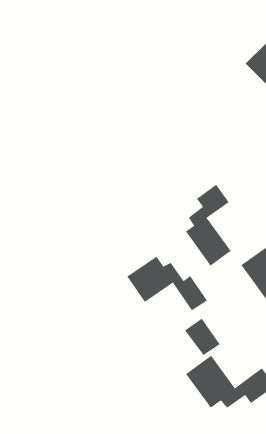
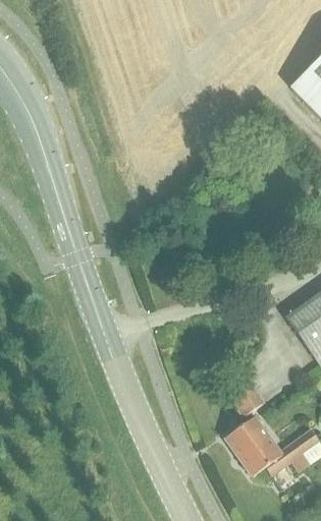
building: [185,184,231,266] -> none
building: [127,256,208,311] -> none

